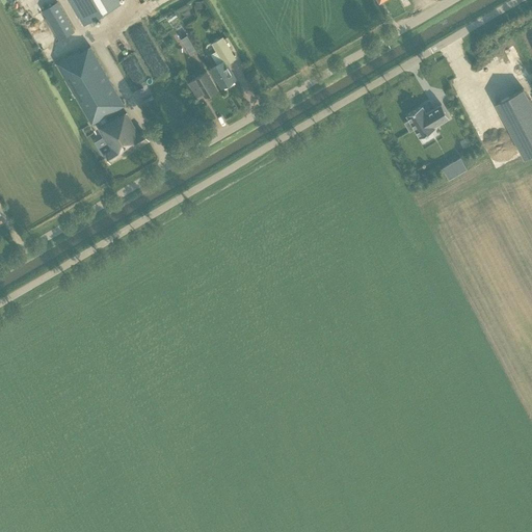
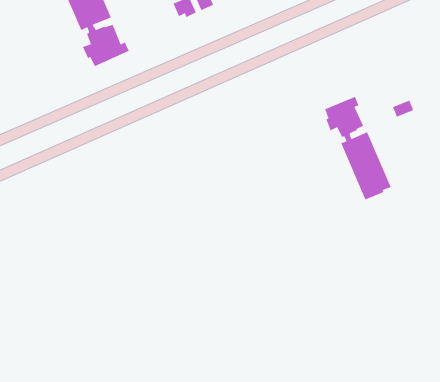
building: [405,104,450,137] -> none
building: none -> [324,96,392,201]

